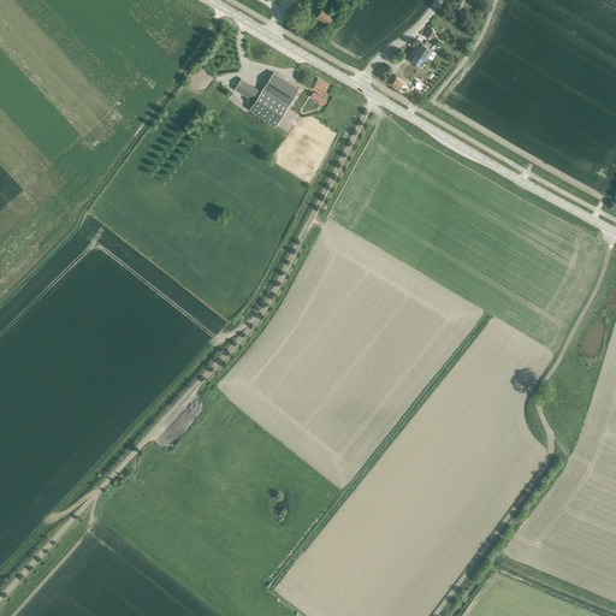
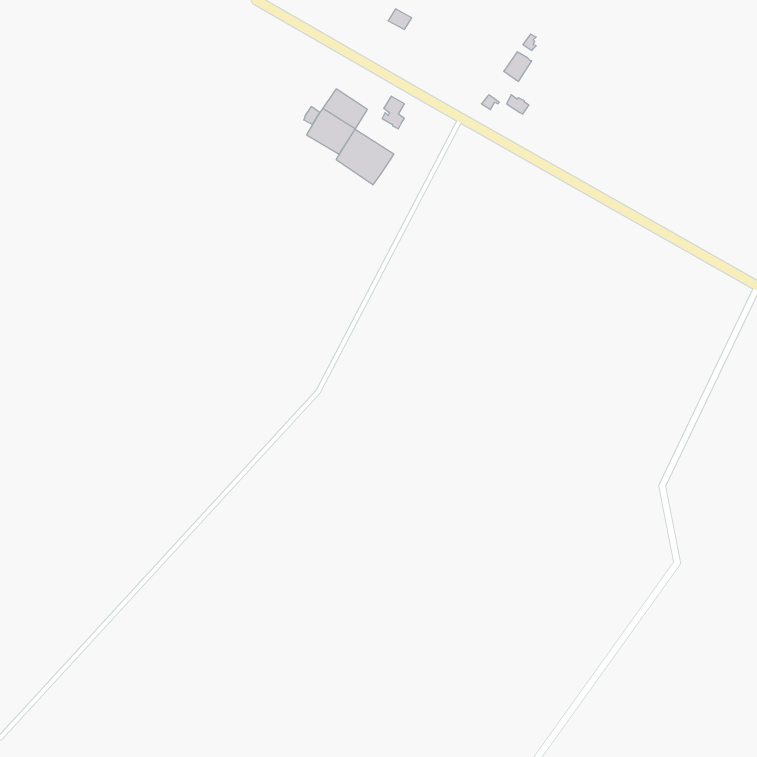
building: none -> [336,129,394,185]

